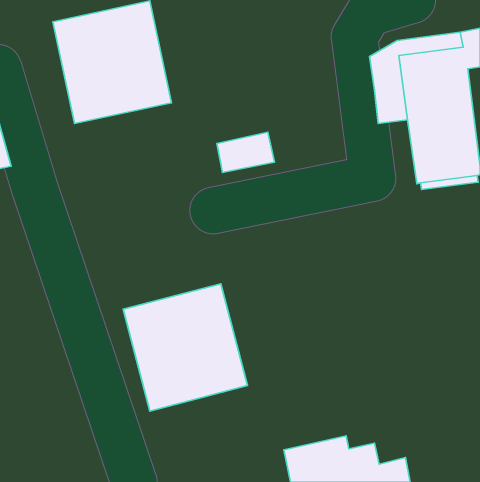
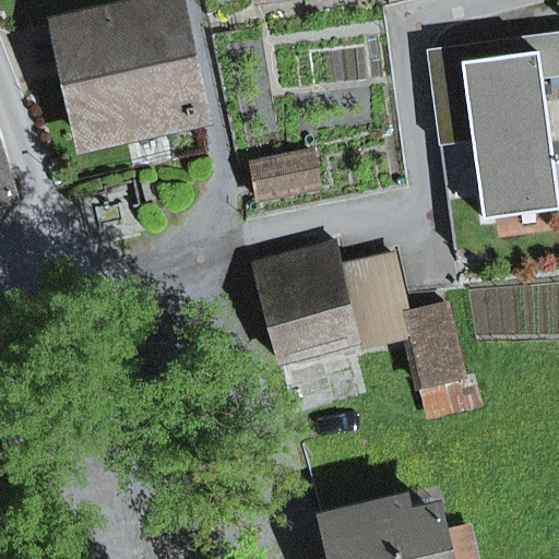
building: none -> [255,245,463,386]
building: [123,284,248,411] -> none

